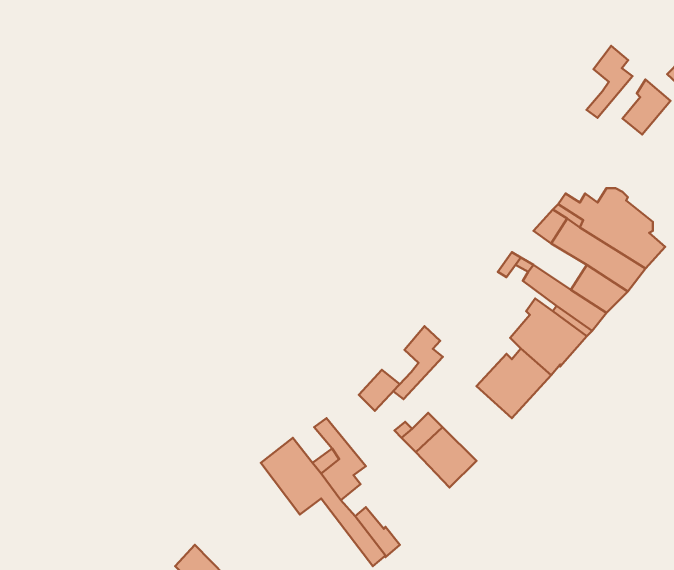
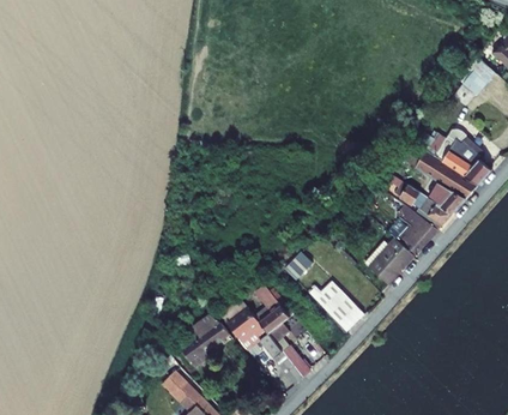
building: [587,46,633,118] -> none
building: [393,326,443,399] -> none
building: none -> [182,314,229,366]

